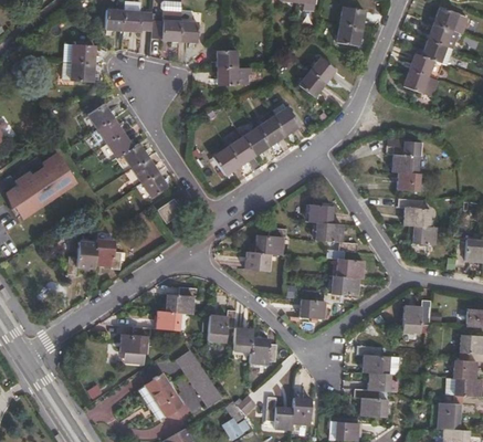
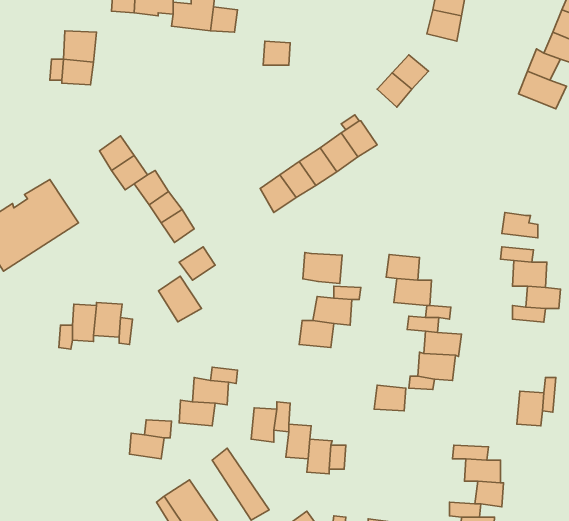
building: [217,65,250,83] -> none
building: [83,99,112,128] -> none
building: [381,143,419,176] -> none
building: none -> [303,253,342,283]
building: none -> [158,276,202,322]

